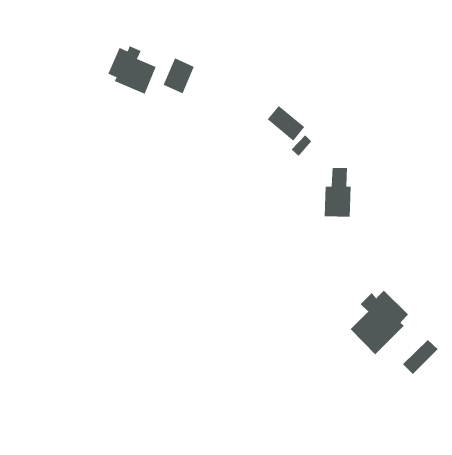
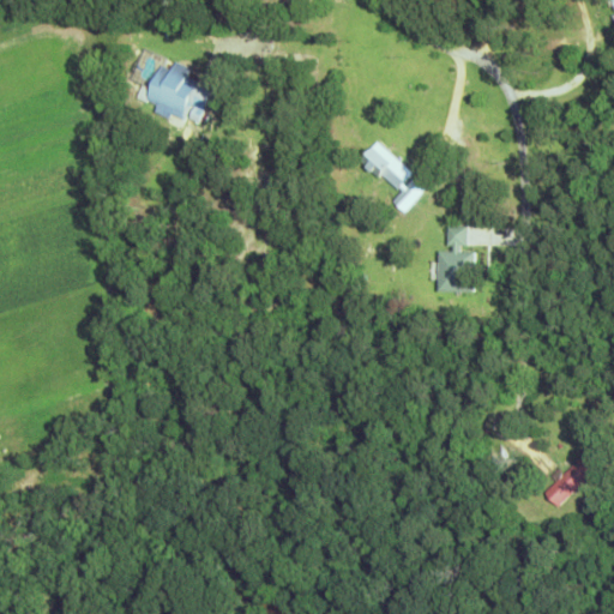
building: [163,58,195,94] -> none
building: [350,290,409,355] -> none

